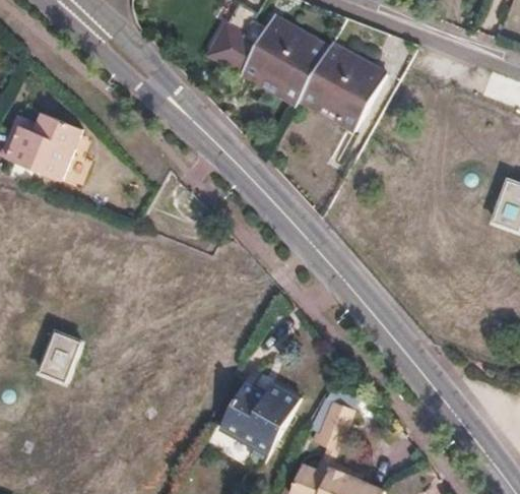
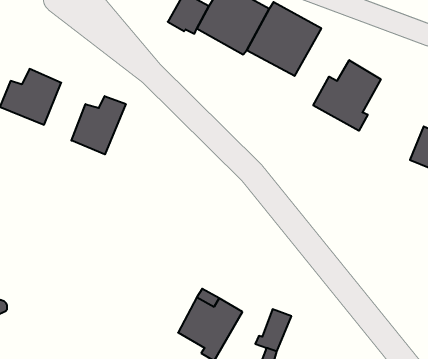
building: none -> [313,60,381,131]
building: none -> [71,96,126,154]
building: [40,334,79,382] -> none

